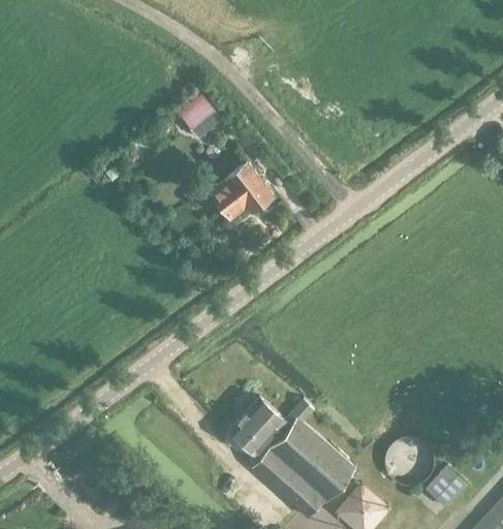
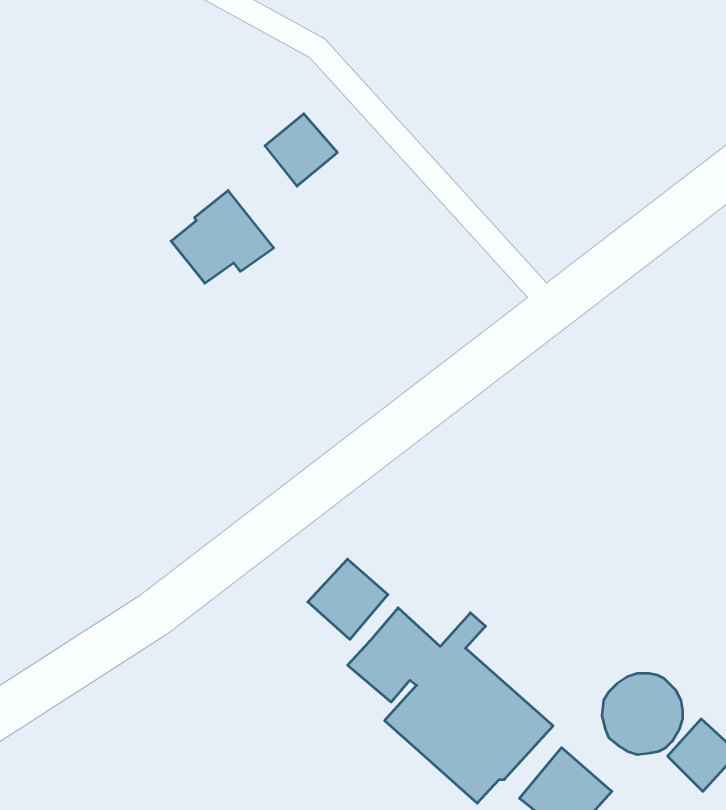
building: [210,162,273,219] -> [171,190,274,283]
building: none -> [308,559,388,639]

